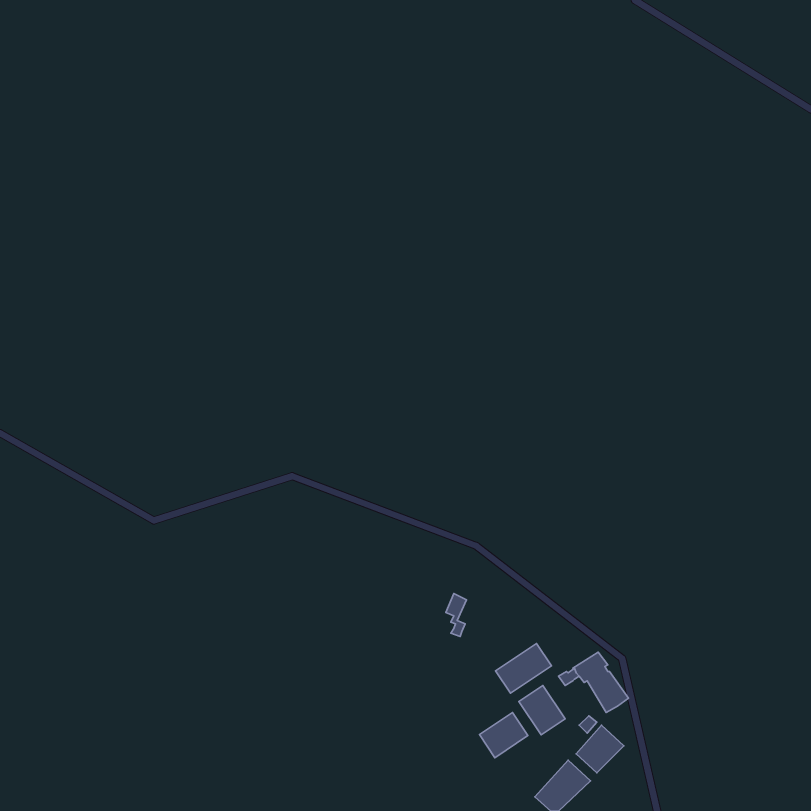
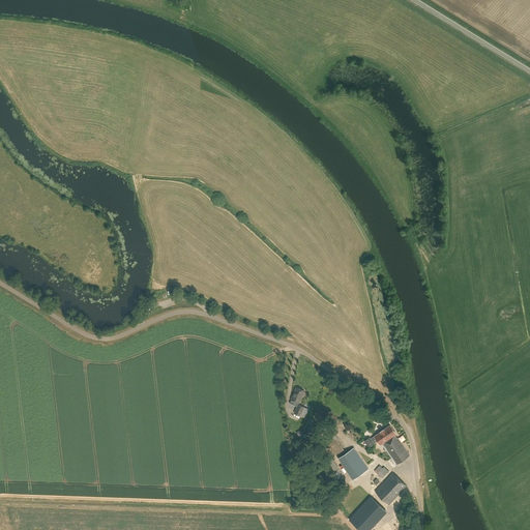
building: [495,643,552,693] -> none
building: [479,712,528,758] -> none

